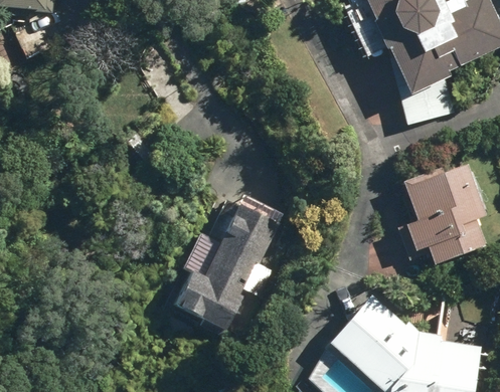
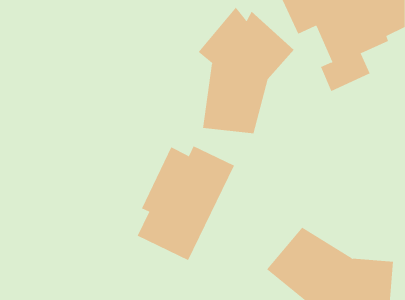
building: none -> [198,7,294,134]
building: [388,141,487,266] -> none

